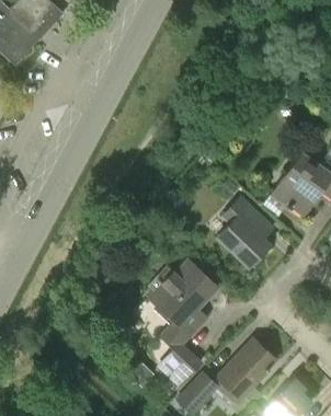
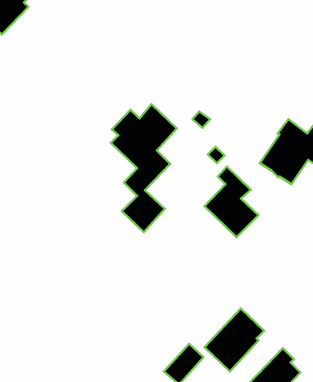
building: [146,258,212,385] -> [111,104,177,232]

